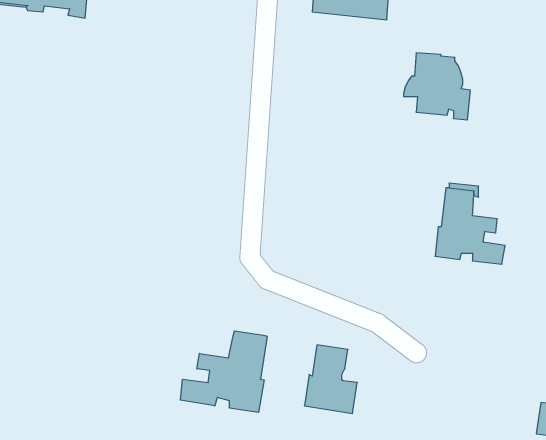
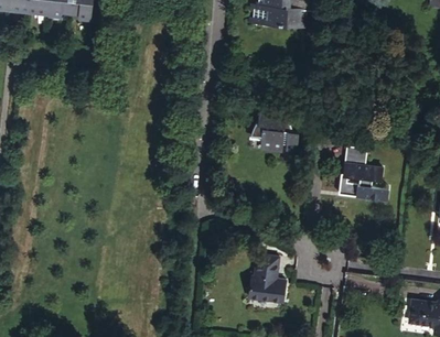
building: [404,53,470,120] -> [250,107,298,154]
building: [180,331,267,412] -> none

